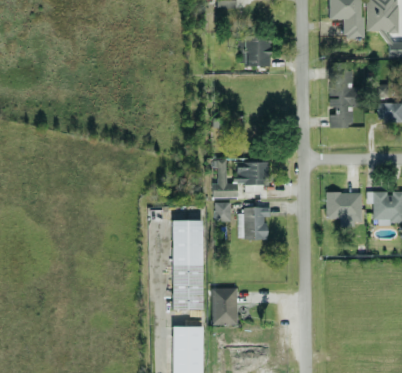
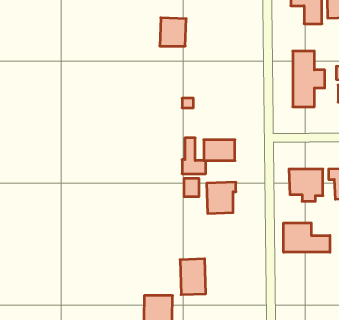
building: [244,36,272,66] -> [160,18,186,46]
building: [172,220,203,309] -> none
building: none -> [284,223,330,252]

